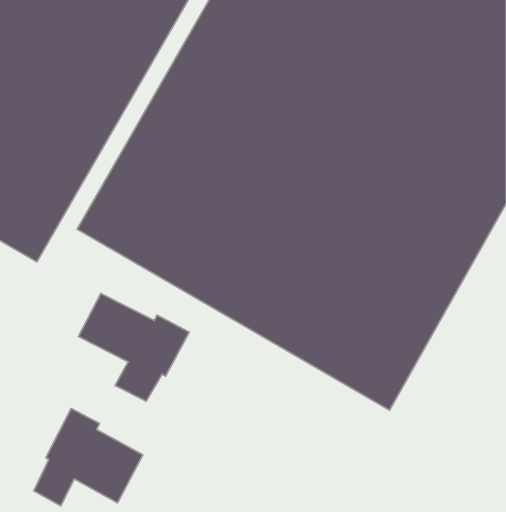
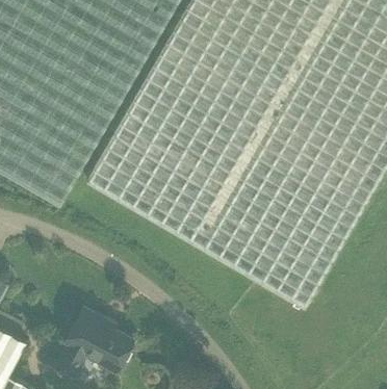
building: [79,293,189,401] -> none

